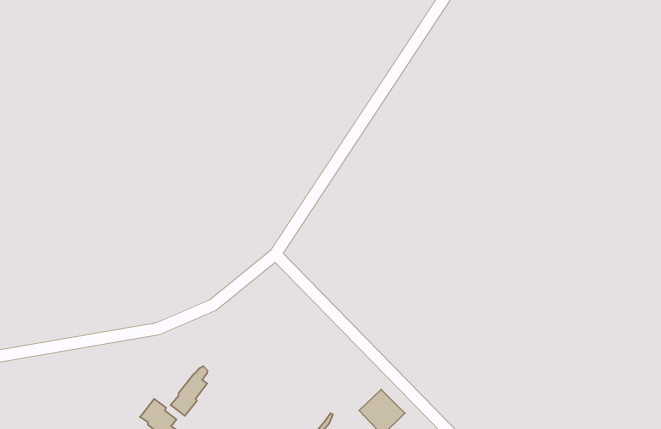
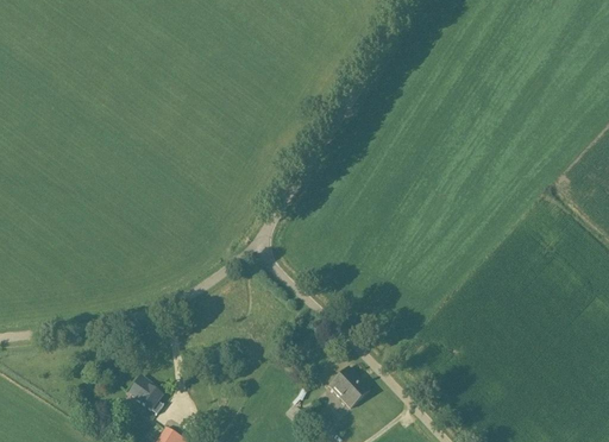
building: [171,366,207,416] -> none

